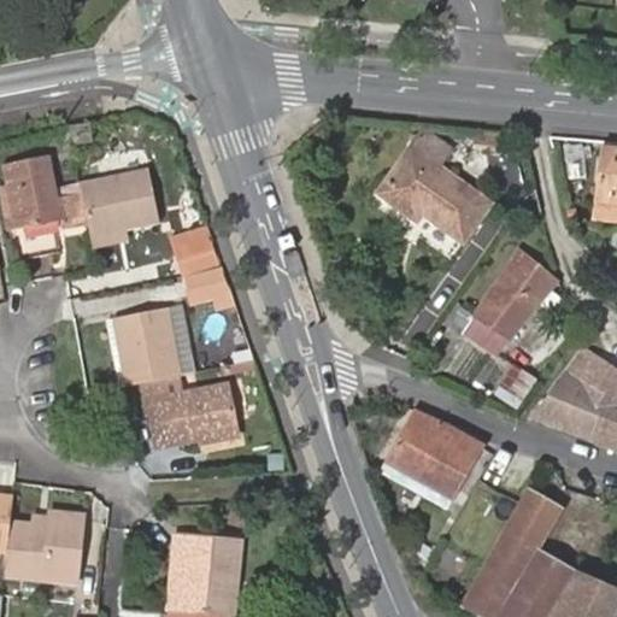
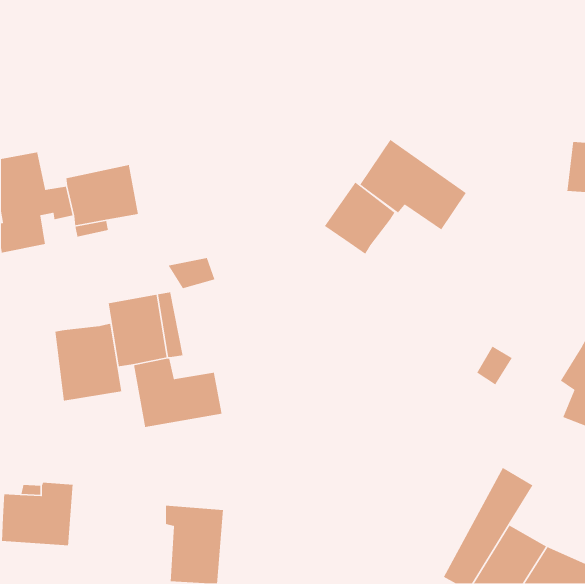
building: none -> [324,182,395,255]
building: [172,242,219,278] -> none
building: [465,249,558,354] -> none
building: none -> [54,323,122,401]
building: [534,347,611,439] -> none
building: [387,412,486,498] -> none

